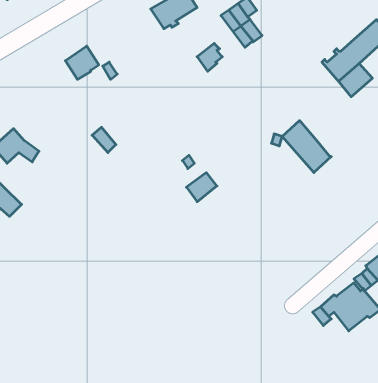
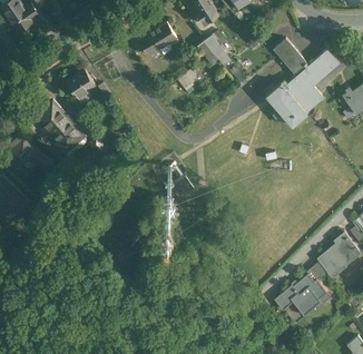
building: none -> [274,39,308,76]
building: none -> [39,102,86,150]
building: [282,121,331,173] -> [266,83,307,127]

